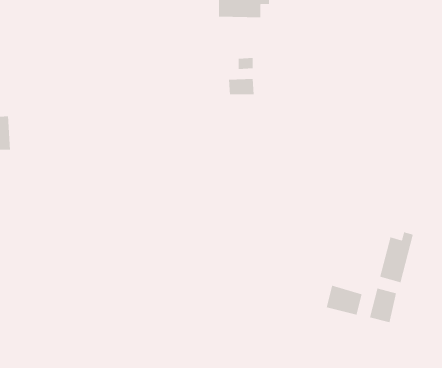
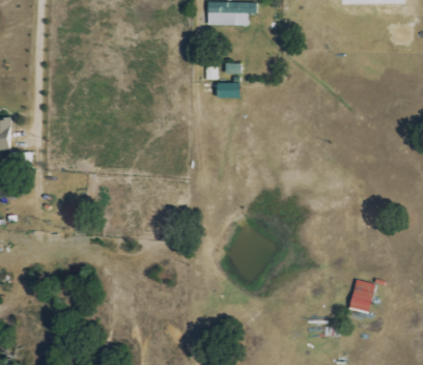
building: [380,231,414,283] -> none
building: [326,285,362,316] -> none

